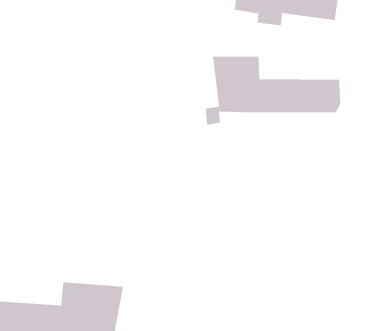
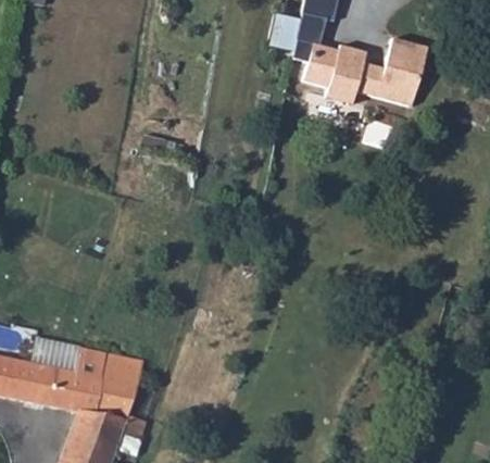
building: [205,56,341,125] -> none

